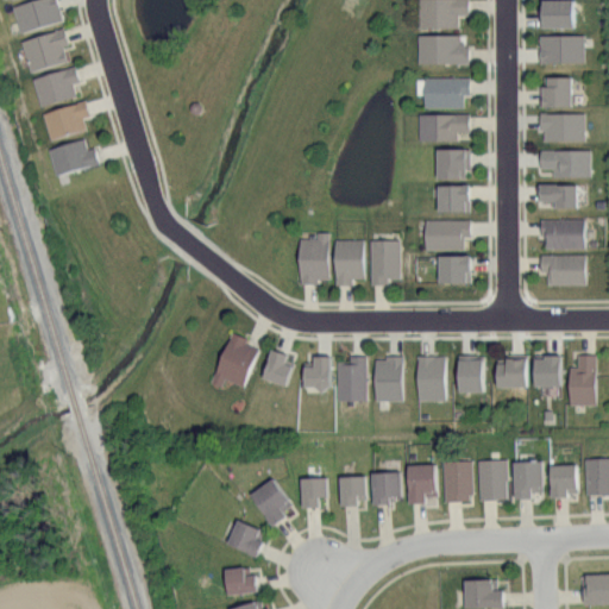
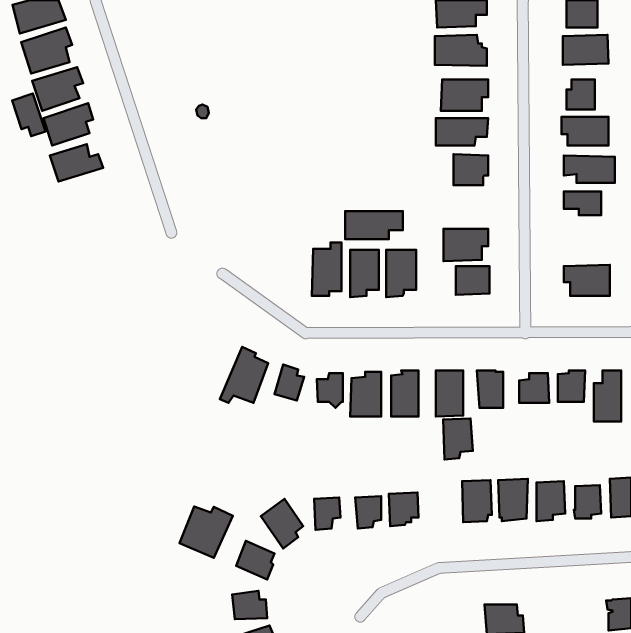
building: none -> [12,94,45,136]
building: [435,187,467,213] -> none
building: none -> [345,211,403,239]
building: [540,220,583,250] -> none
building: [408,465,437,504] -> [443,418,473,459]
building: none -> [180,506,233,558]

